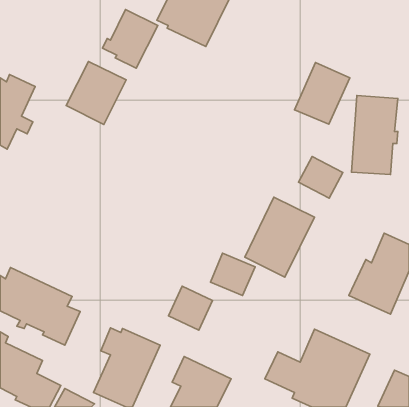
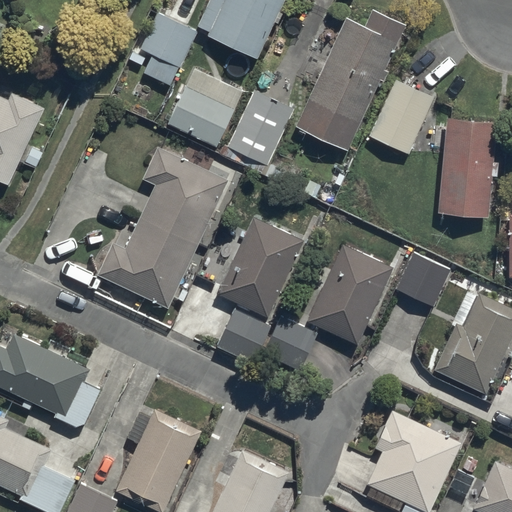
building: none -> [296,12,406,151]
building: [66,61,126,125] -> [167,68,242,147]
building: none -> [229,91,294,164]
building: none -> [98,148,229,308]
building: [299,157,343,198] -> [396,254,451,306]
building: none -> [205,217,303,318]
building: [168,286,213,330] -> [216,307,271,362]

